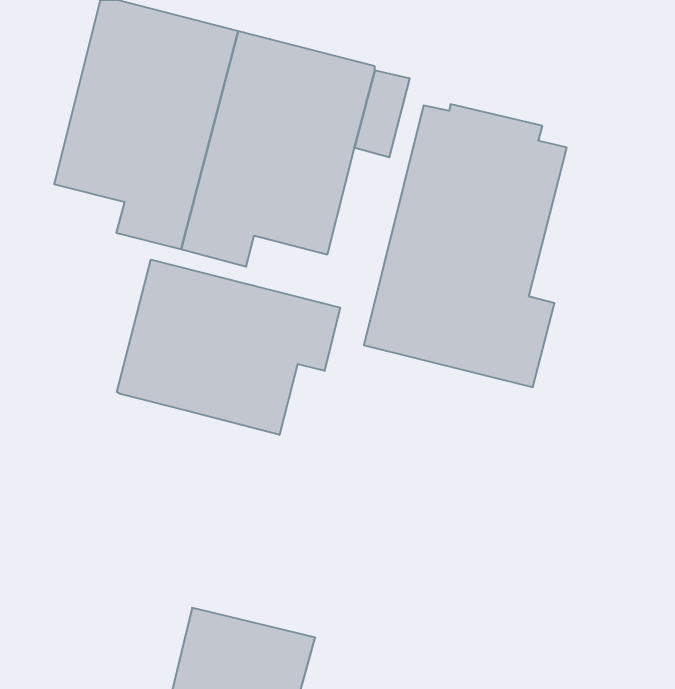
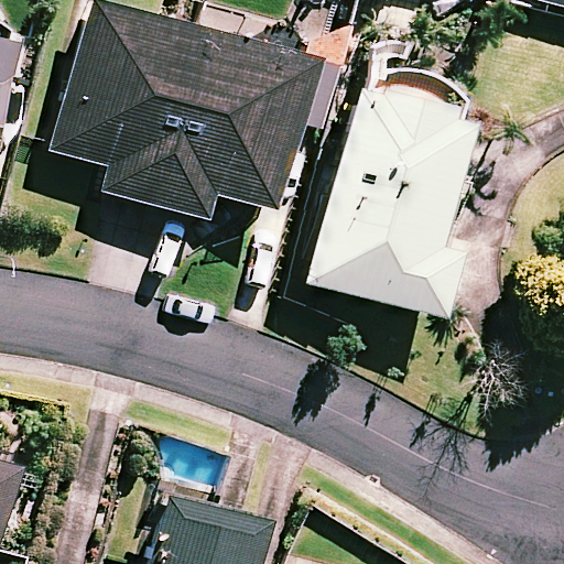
building: [117,260,340,435] -> none

